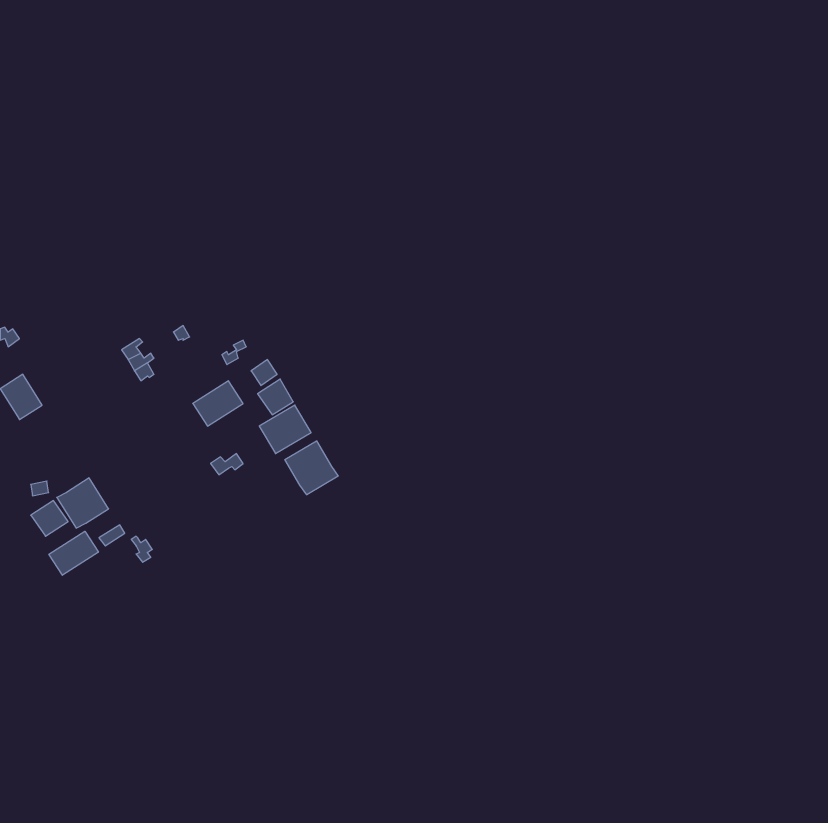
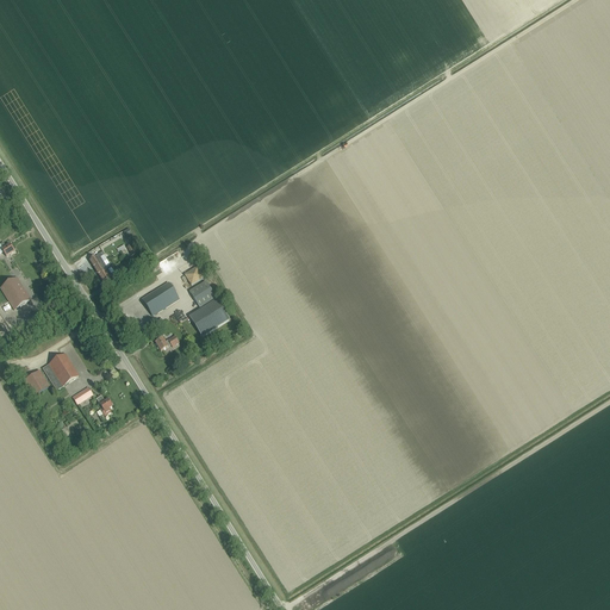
building: [285,441,338,495] -> none
building: [49,531,98,575] -> none

